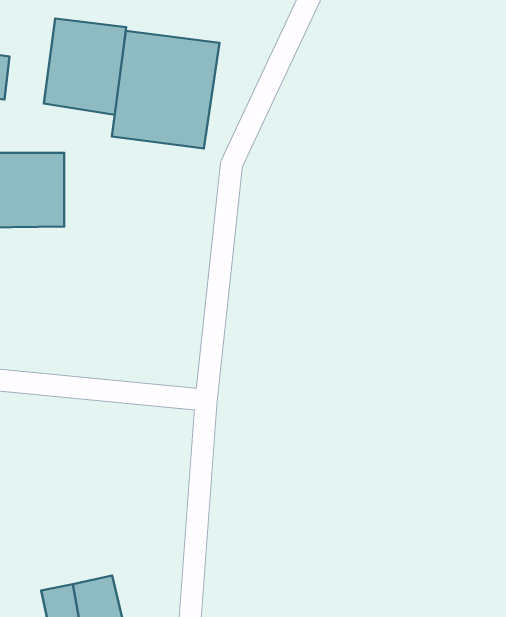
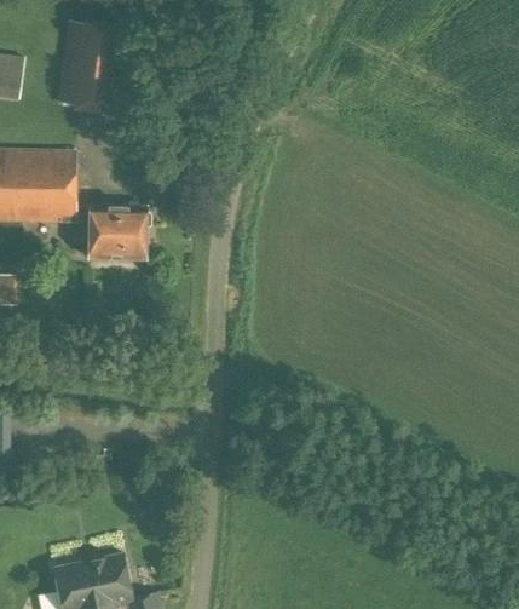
building: [112,31,219,148] -> none
building: none -> [76,207,151,254]

